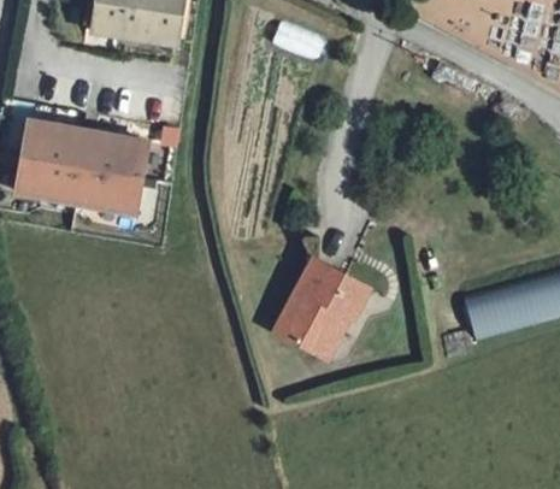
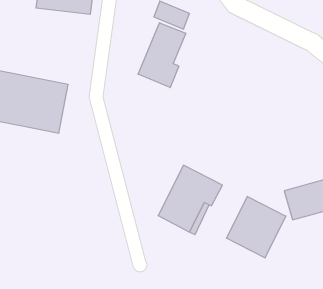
building: none -> [138,23,186,88]
building: none -> [226,196,286,258]

